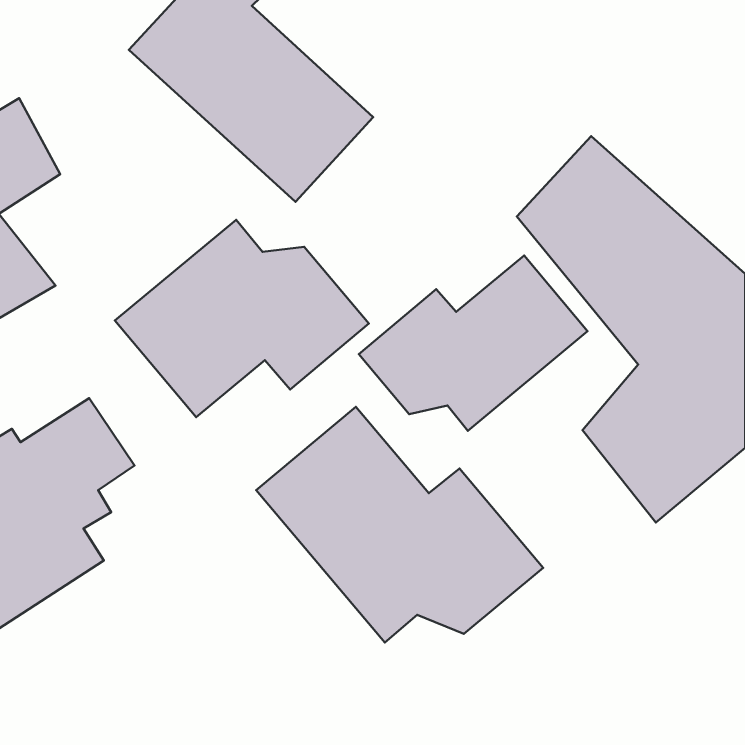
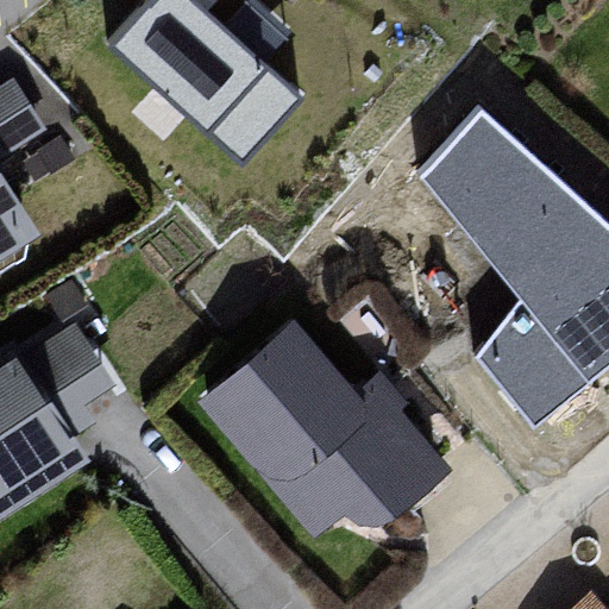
building: [115,220,369,417] -> none
building: [359,255,588,431] -> none

